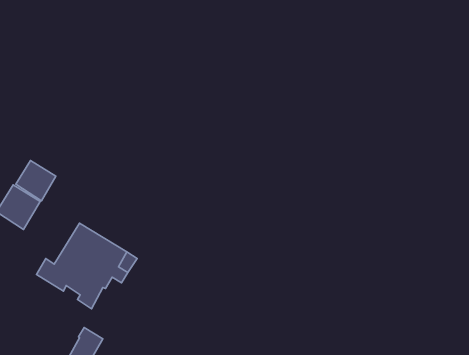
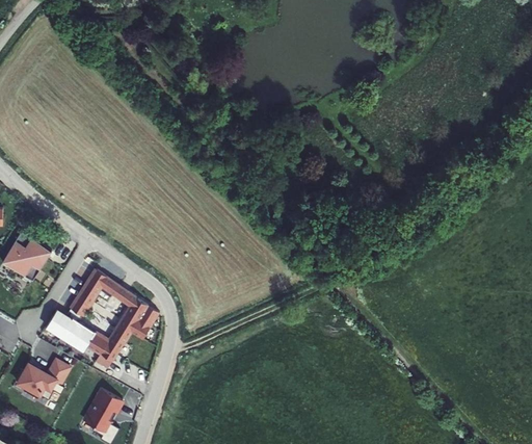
building: [16,161,56,201] -> none
building: none -> [15,357,70,398]

